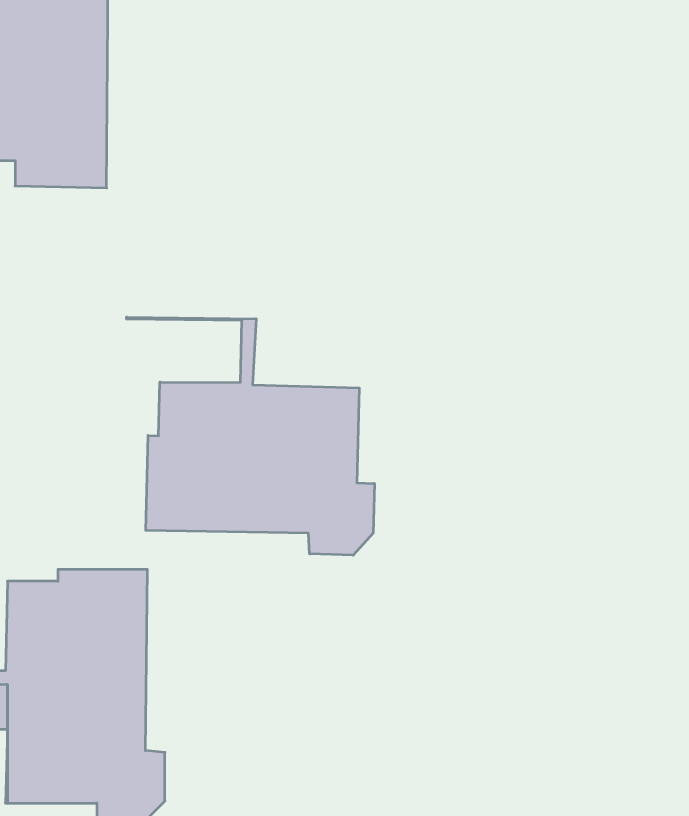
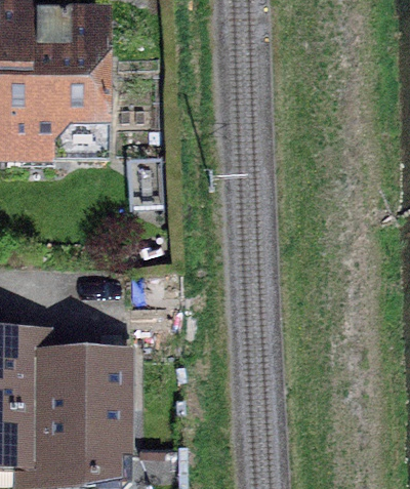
building: [127,317,374,555] -> none

